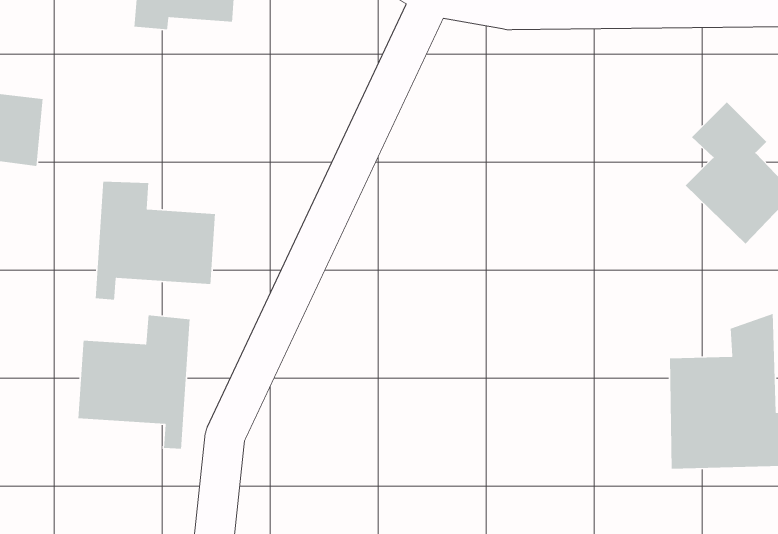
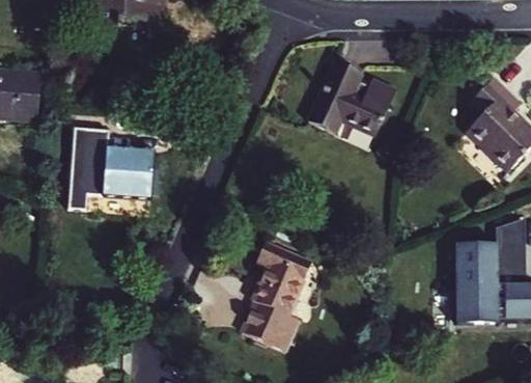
building: none -> [307,60,396,136]
building: [78,315,190,449] -> none
building: none -> [240,241,310,349]

